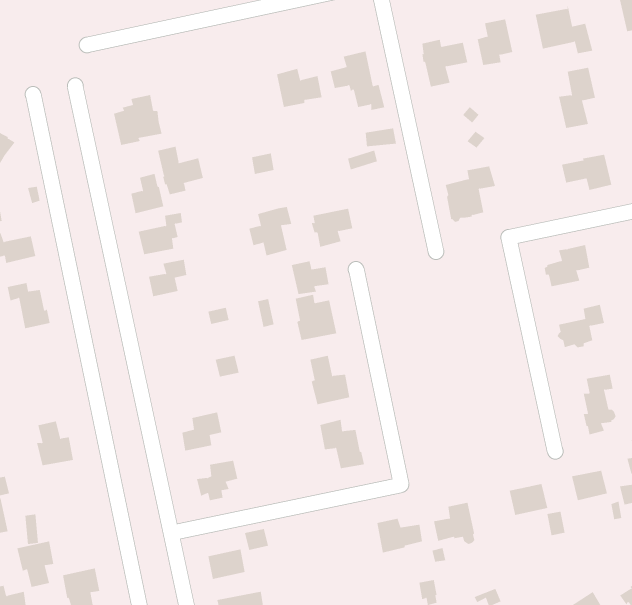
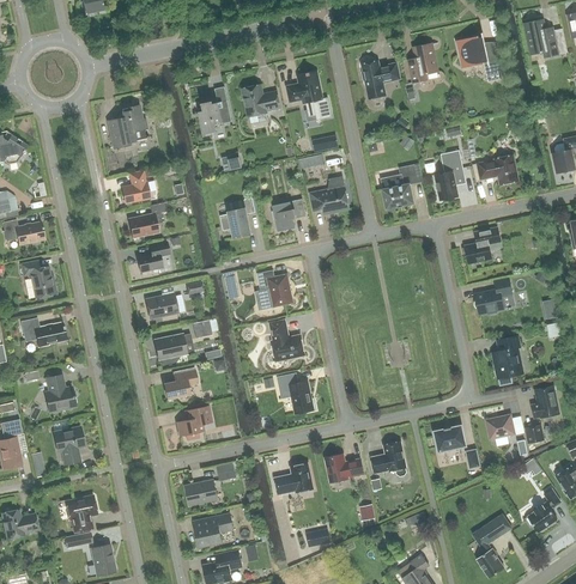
building: [558,67,596,128] -> [433,150,465,200]
building: none -> [198,99,231,133]
building: [158,146,204,195] -> none
building: none -> [309,176,348,214]
building: [291,260,329,295] -> none
building: none -> [146,293,177,318]
building: none -> [20,317,66,346]
building: none -> [154,333,192,359]
building: none -> [274,462,314,493]
building: [16,541,54,587] -> [53,426,84,464]

